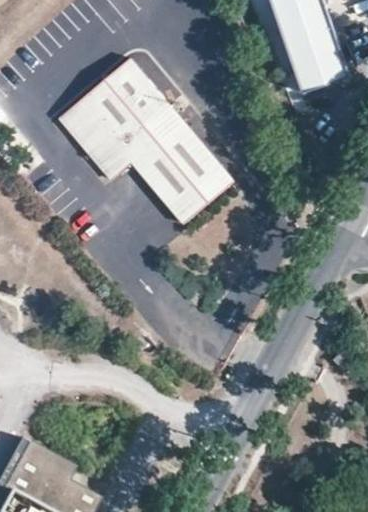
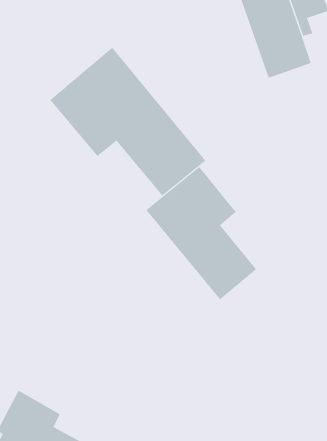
building: none -> [146,166,257,300]

